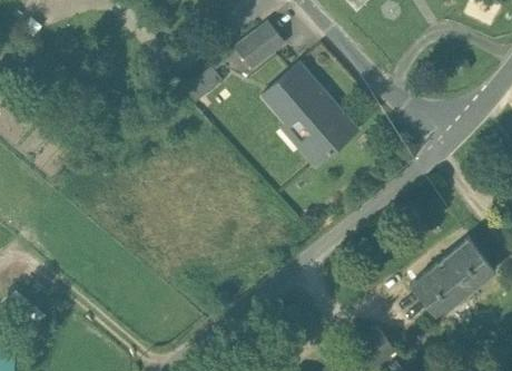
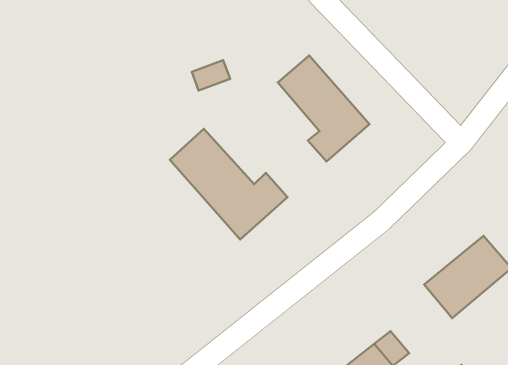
building: [236,22,285,70] -> none
building: none -> [170,129,287,240]

